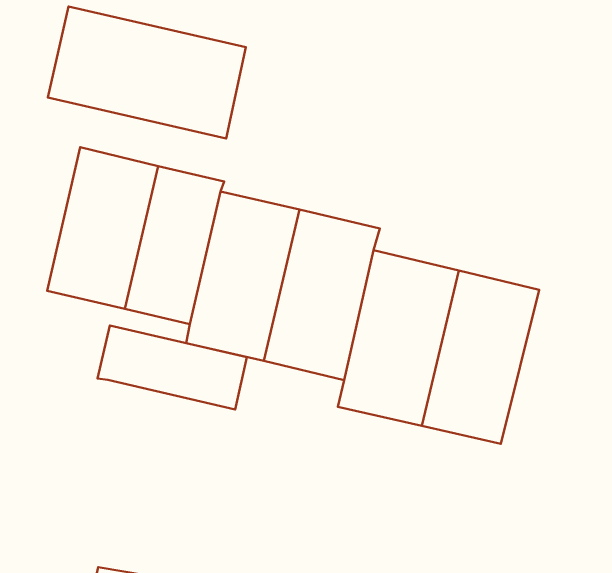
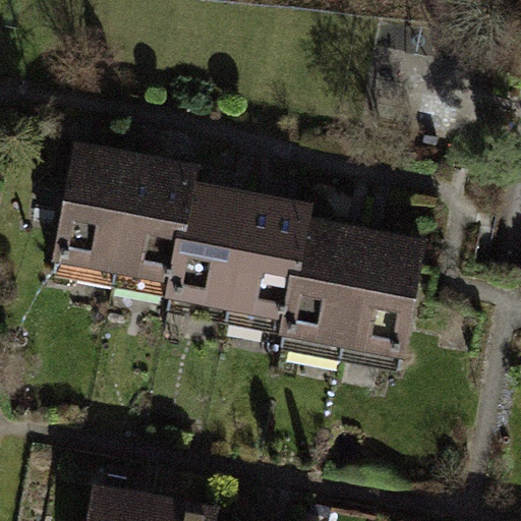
building: [48,7,246,139] -> none
building: [97,325,247,409] -> none

